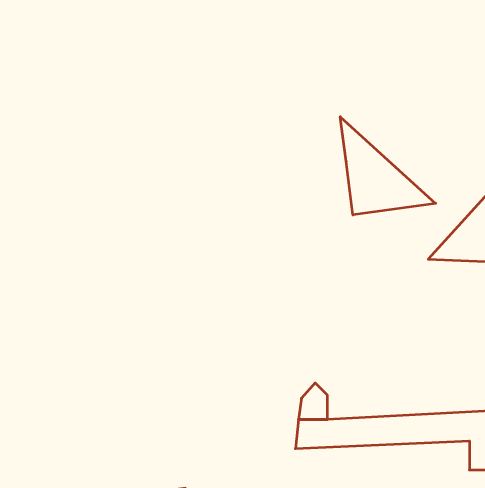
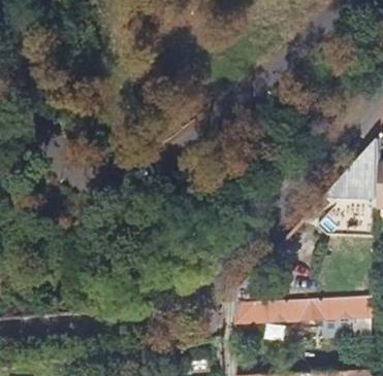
building: [340,117,436,215] -> none

